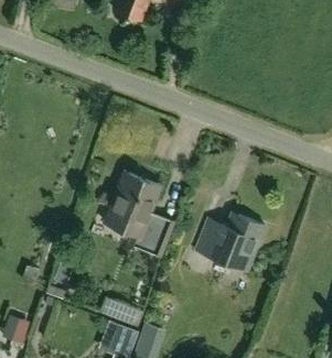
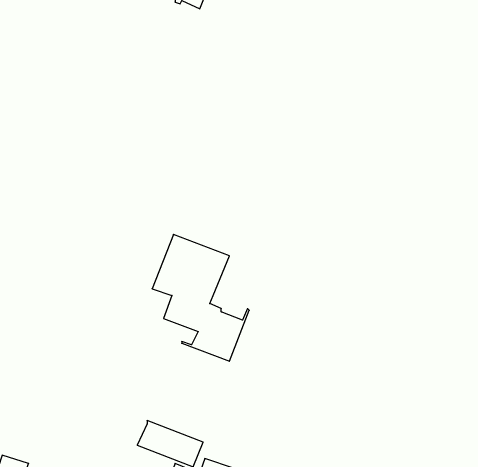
building: [196,215,265,270] -> none

